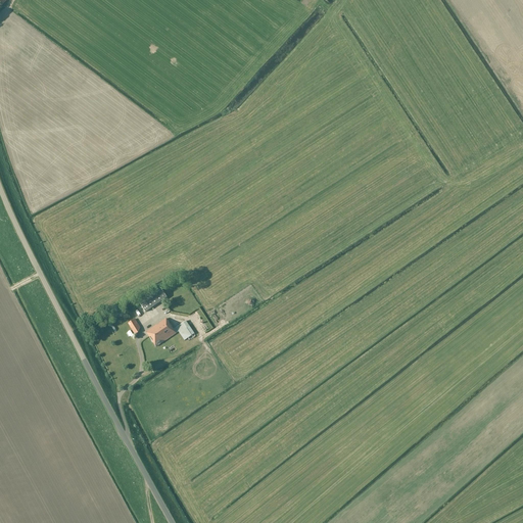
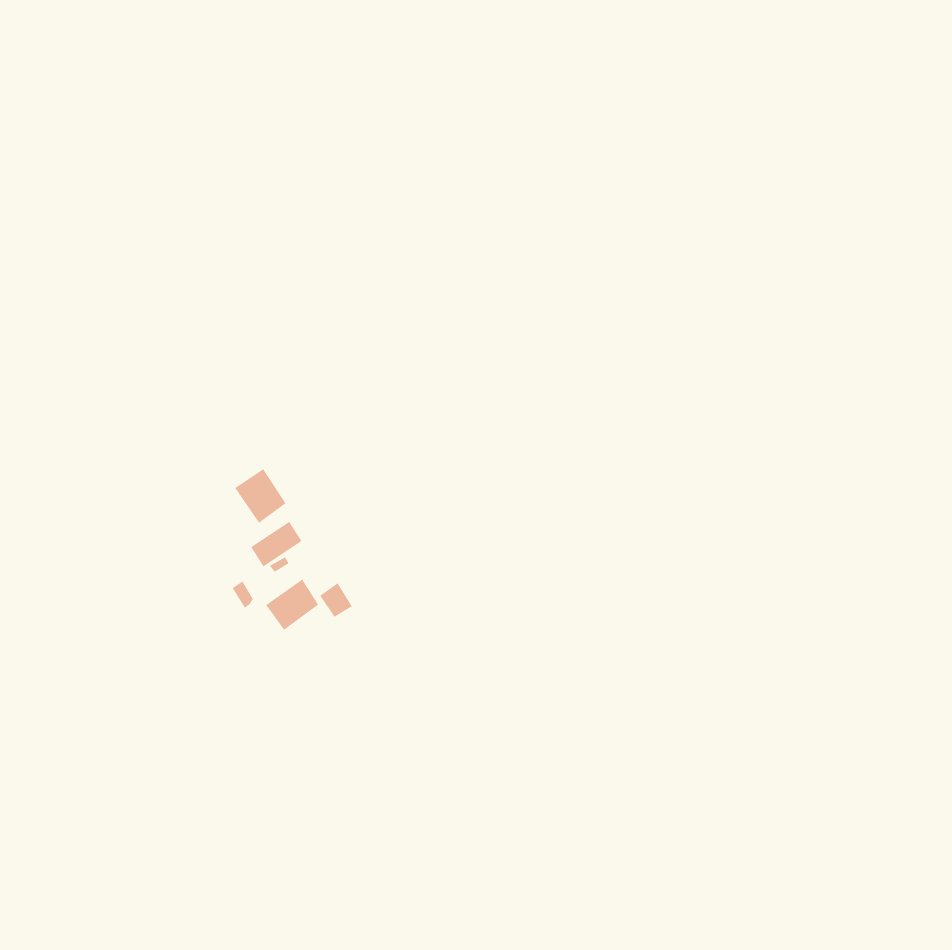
building: none -> [234,468,286,524]

